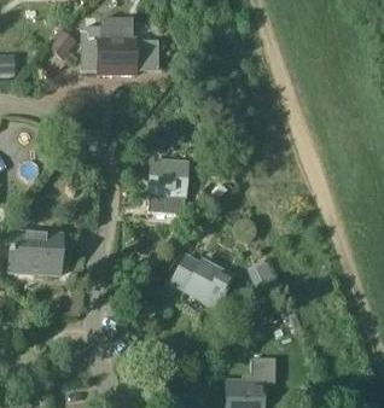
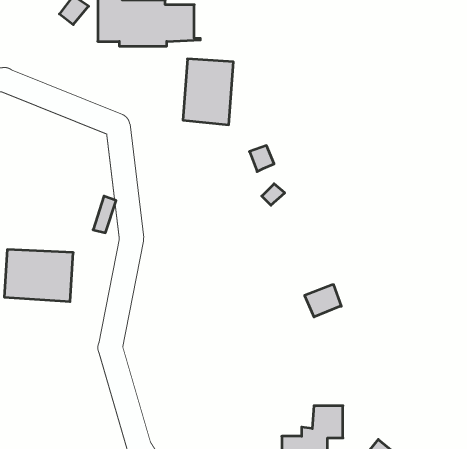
building: [147,161,187,212] -> [183,59,233,125]
building: [170,251,233,308] -> none

